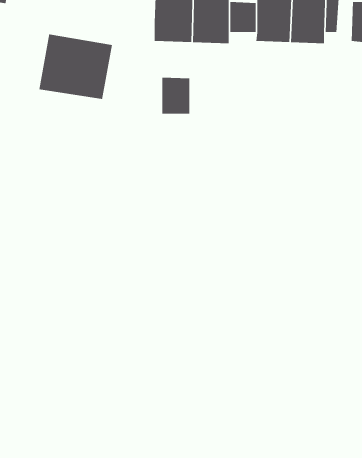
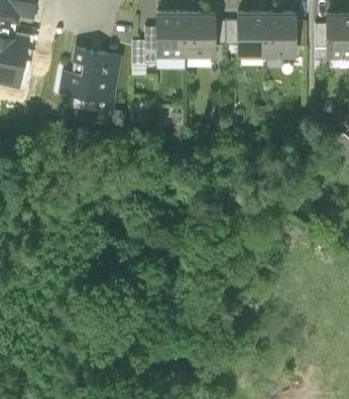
building: [162,77,190,114] -> [131,37,154,68]

